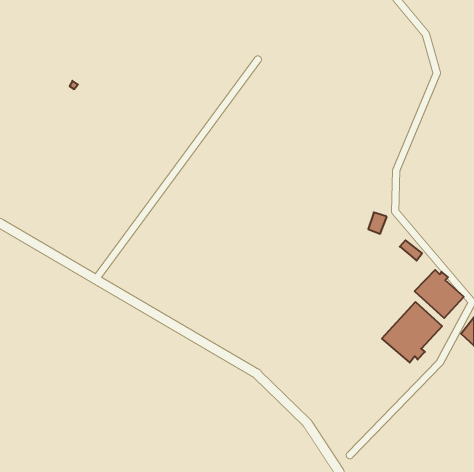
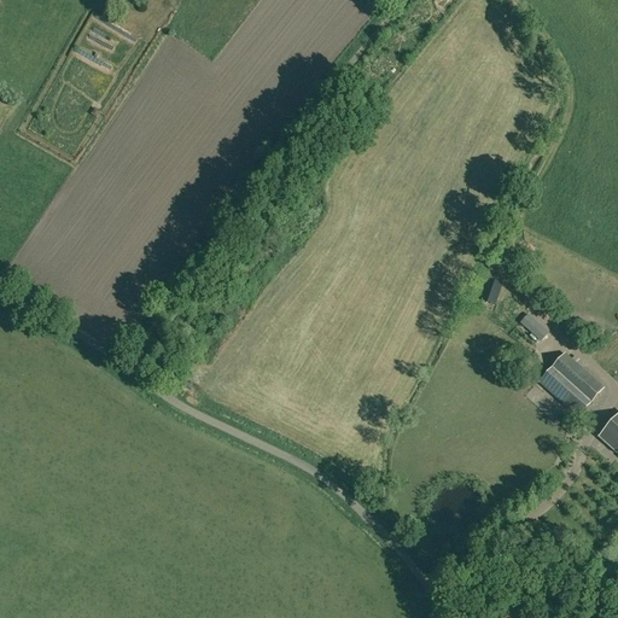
building: [382,302,442,363] -> none

